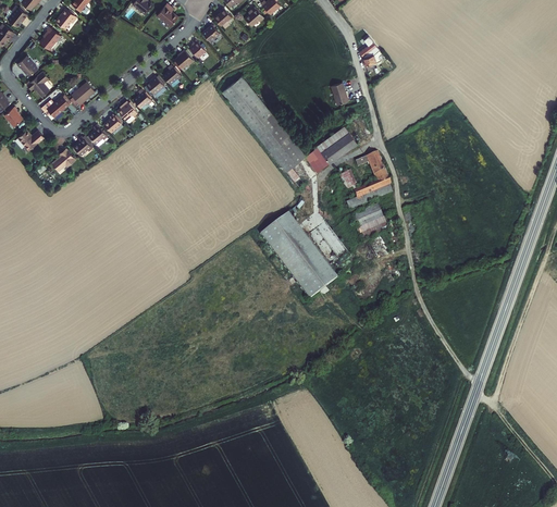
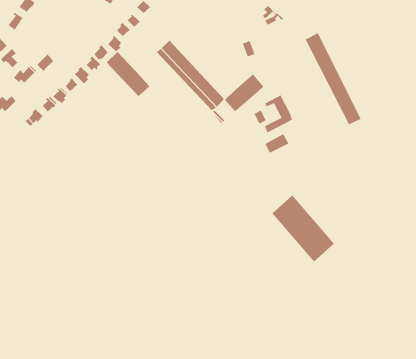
building: none -> [304,32,362,125]
building: none -> [106,51,150,97]
building: [260,212,337,299] -> [271,195,335,262]

